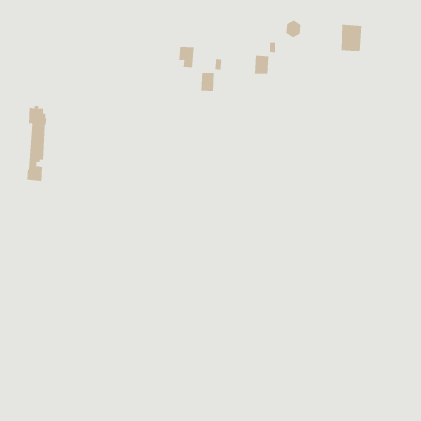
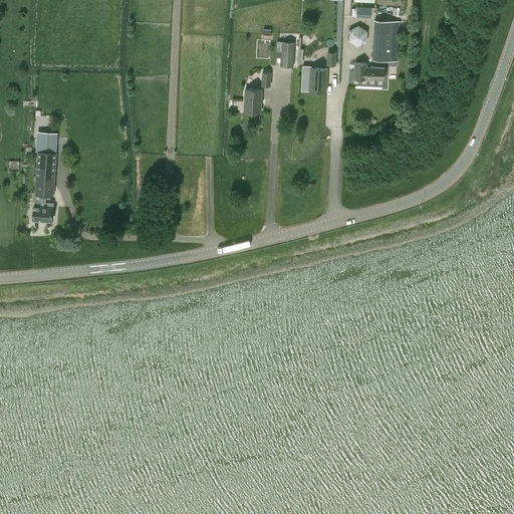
building: [341,24,362,51] -> [372,28,399,61]
building: [179,46,194,68] -> [275,41,294,67]
building: none -> [353,63,384,79]

